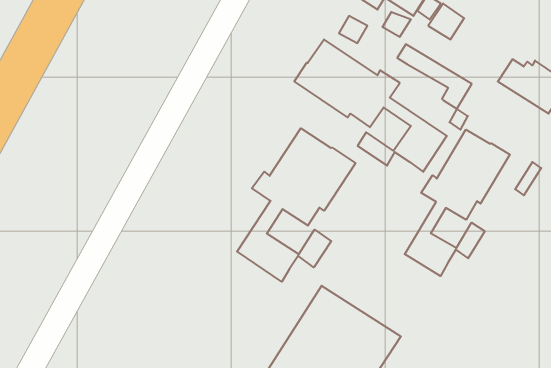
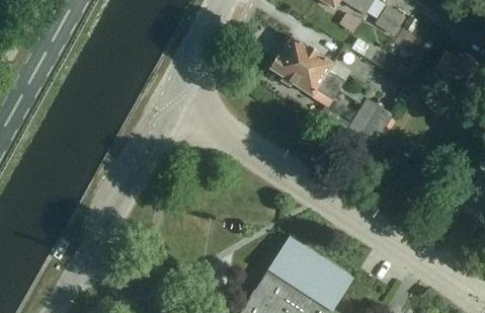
building: [237,128,355,282] -> none
building: [405,130,510,276] -> none

